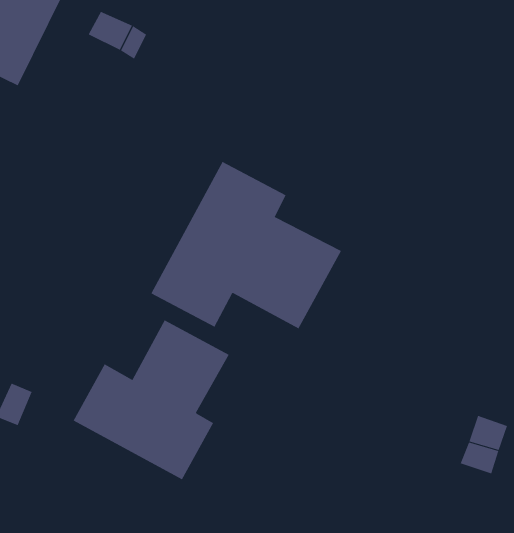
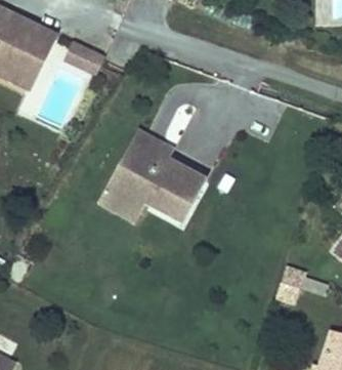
building: [73,320,230,480] -> none

